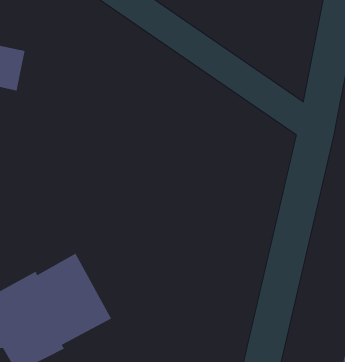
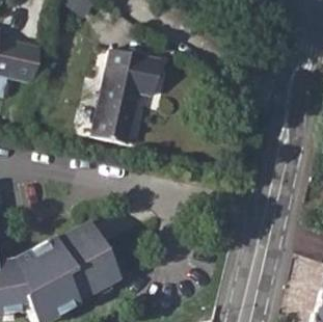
building: none -> [89,48,157,142]

